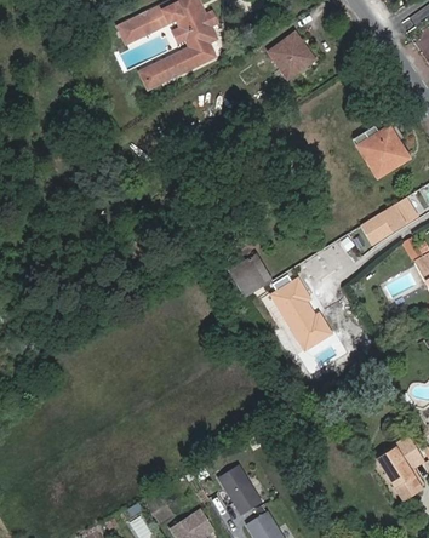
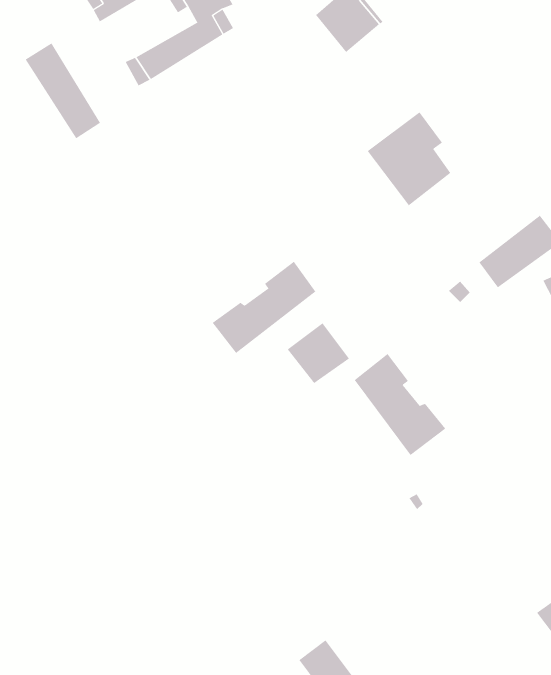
building: none -> [25,43,101,139]
building: [353,115,407,177] -> [367,112,451,206]
building: none -> [212,261,316,354]

